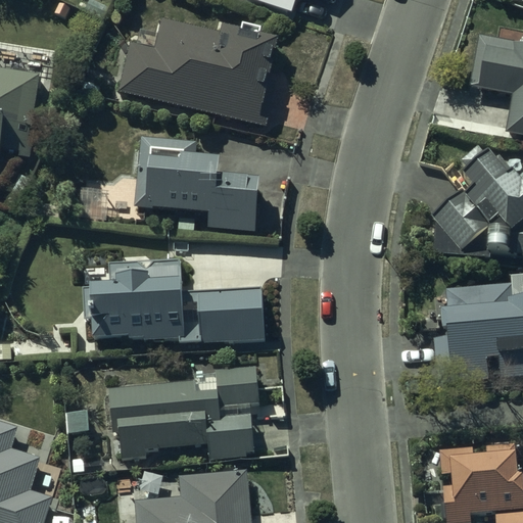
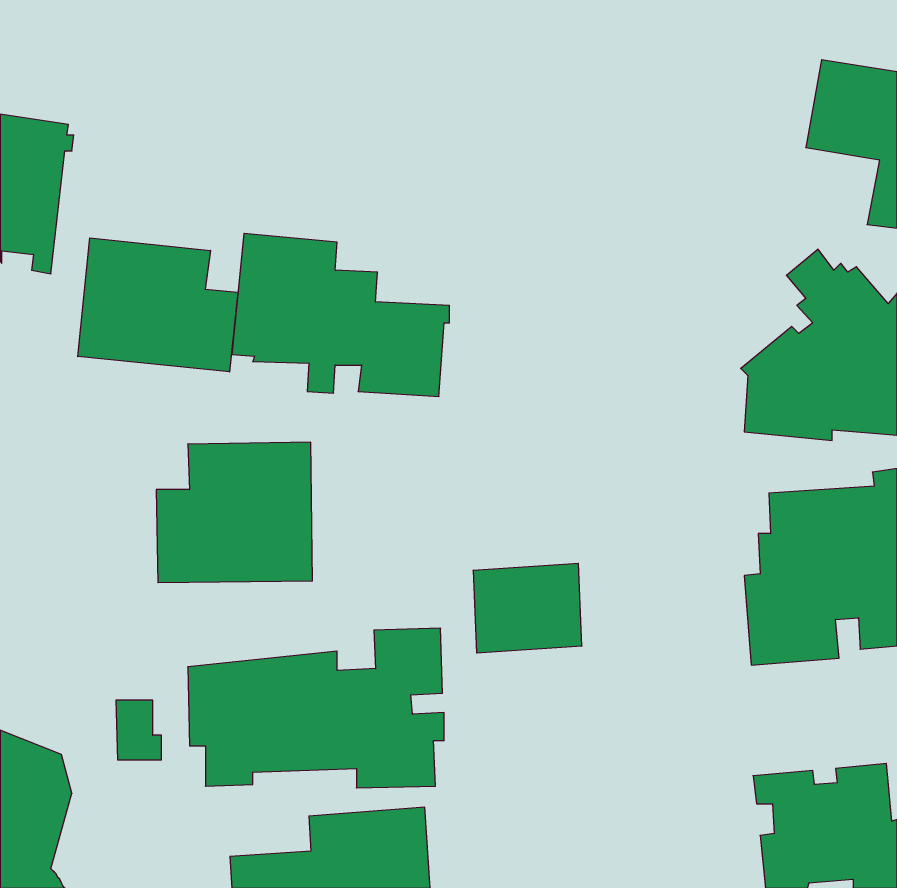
building: [116,17,281,129] -> none
building: none -> [78,238,238,372]
building: [199,290,263,342] -> [473,563,582,653]

